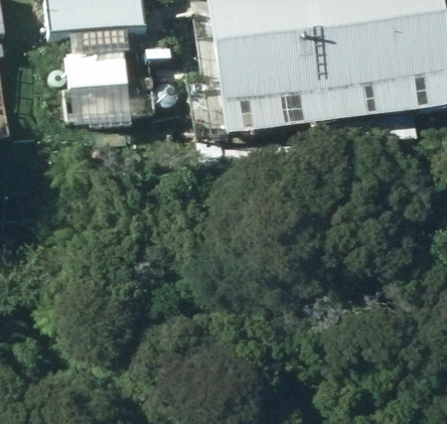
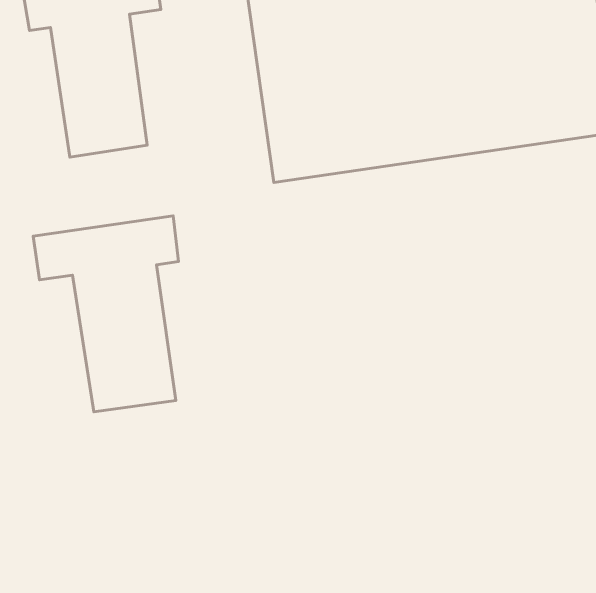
building: none -> [33,216,178,412]

